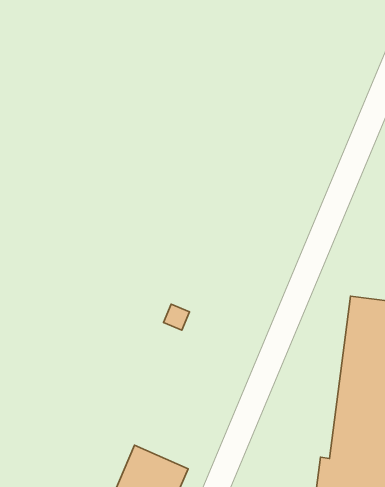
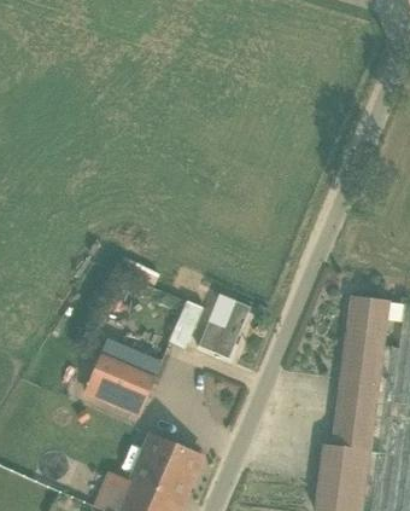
building: none -> [198,298,251,359]
building: none -> [87,350,157,414]

